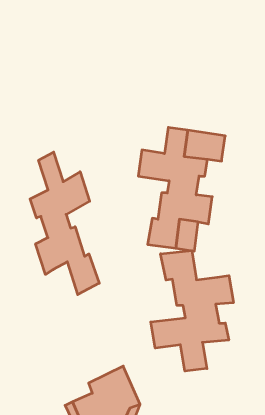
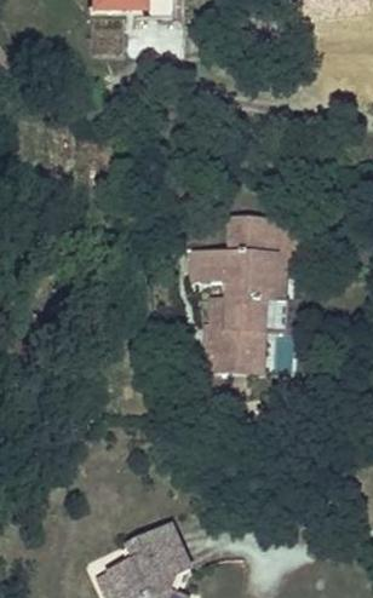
building: [30,152,99,295] -> none
building: [151,251,233,371] -> none

